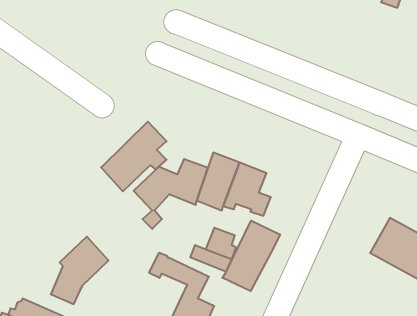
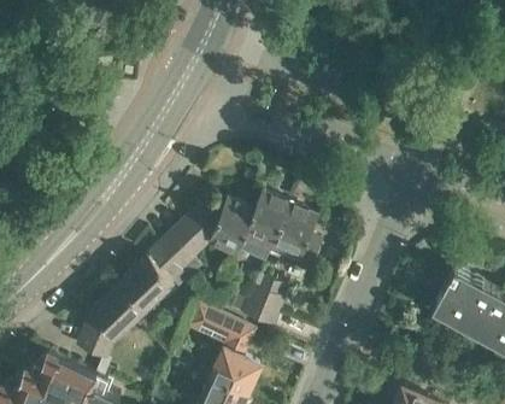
building: [101,122,167,191] -> [116,238,188,315]
building: [222,221,280,291] -> none

